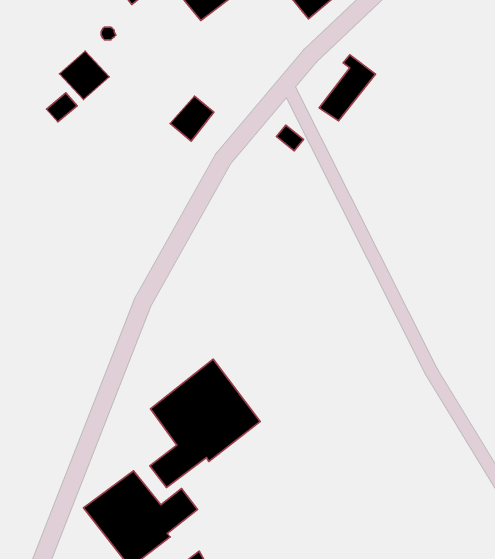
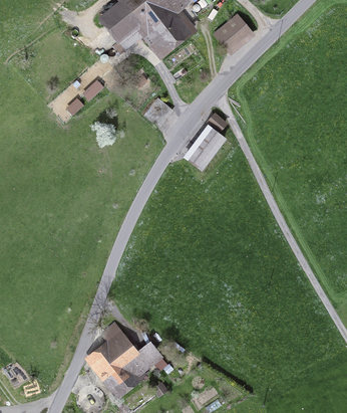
building: [319,55,375,121] -> [189,126,224,167]
building: [150,359,260,488] -> none

